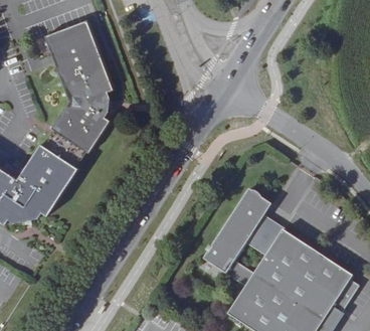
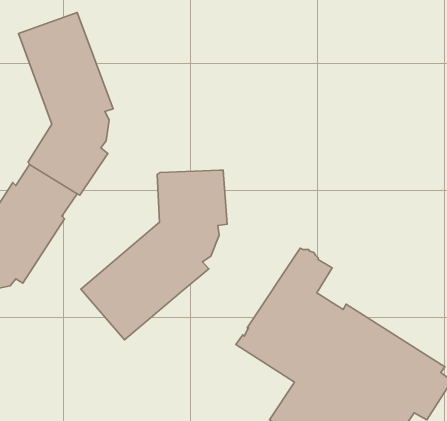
building: none -> [81,170,227,340]

